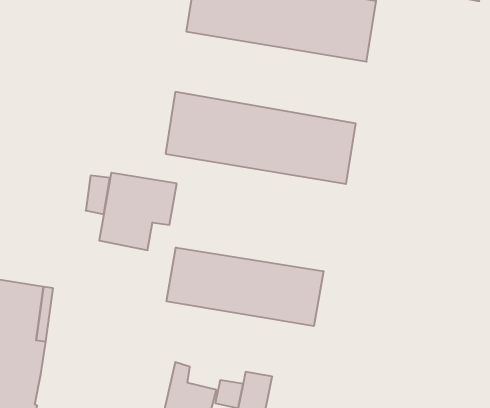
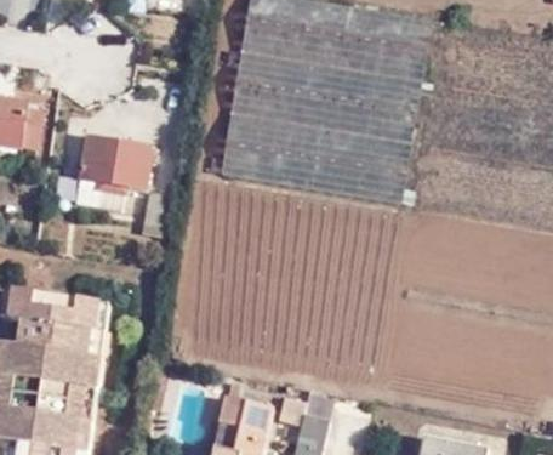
building: none -> [230,50,422,142]
building: [99,173,177,250] -> [72,138,149,216]
building: [167,247,323,326] -> none

